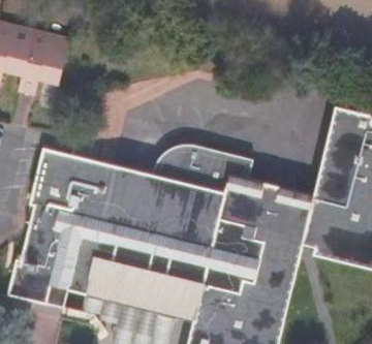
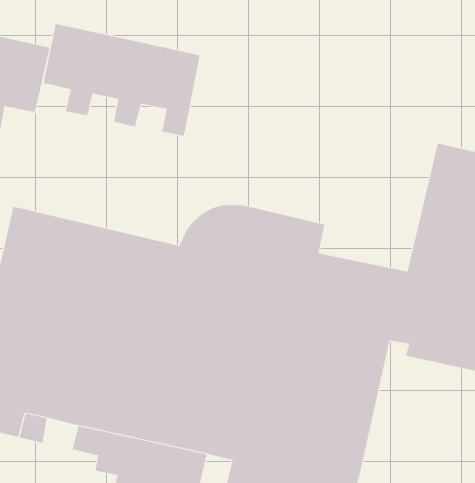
building: none -> [43,23,200,136]

